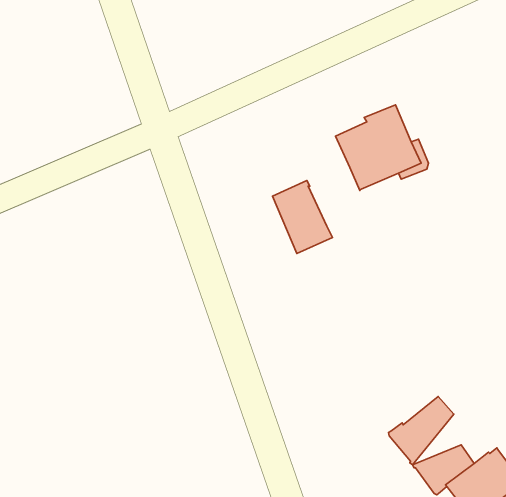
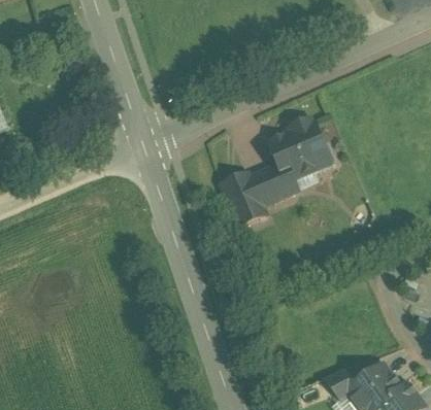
building: none -> [248,164,293,206]
building: [389,397,454,465] -> none

